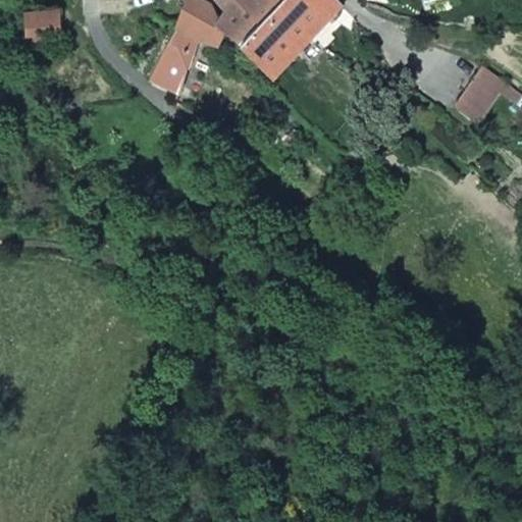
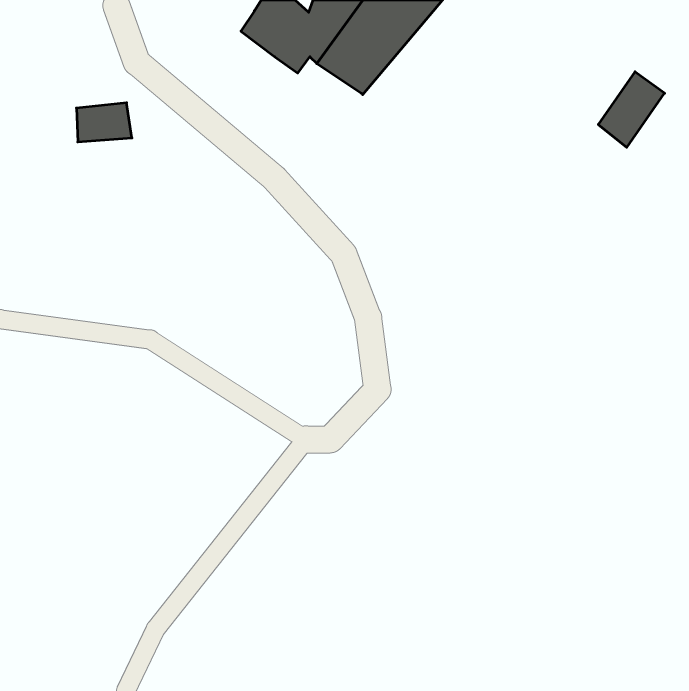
building: [24,8,66,38] -> [76,103,132,142]
building: [153,23,209,86] -> none

